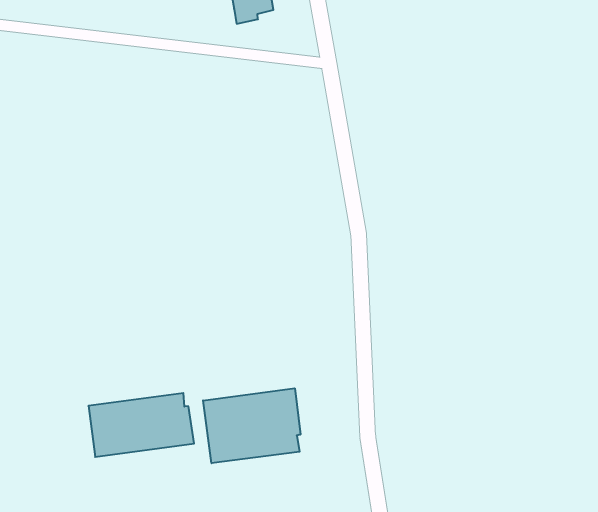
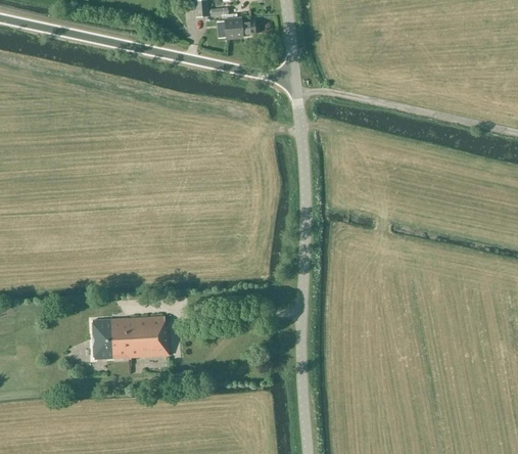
building: [203,388,300,463] -> none

